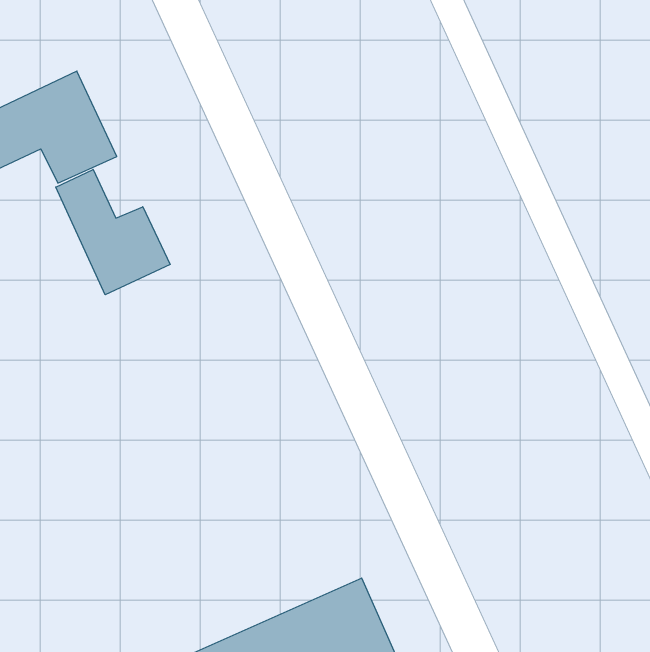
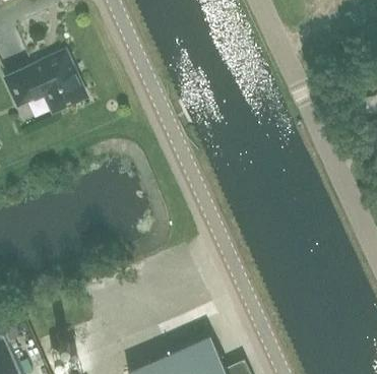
building: [56,169,170,295] -> none

